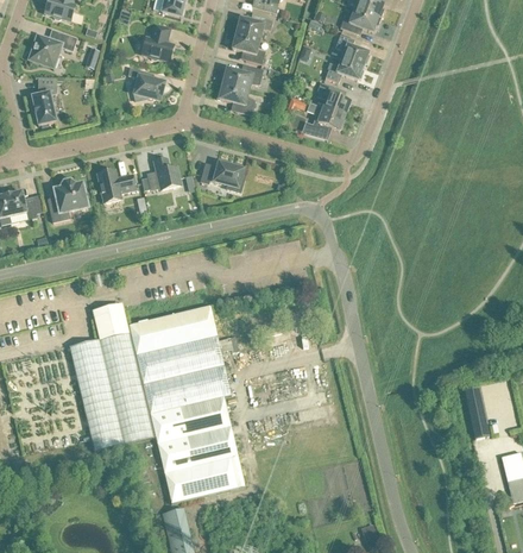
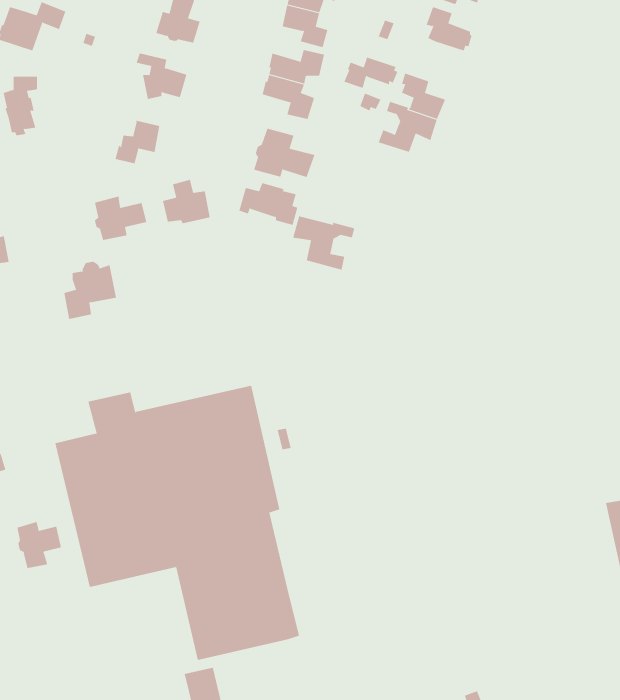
building: [324,58,364,81] -> [343,57,398,88]
building: none -> [115,120,160,164]
building: none -> [254,128,315,178]
building: [49,180,87,221] -> [64,261,117,319]
building: none -> [292,215,355,270]
building: none -> [17,521,62,569]

